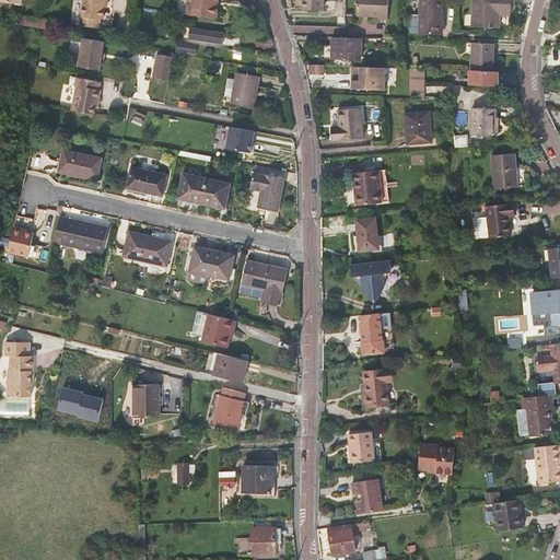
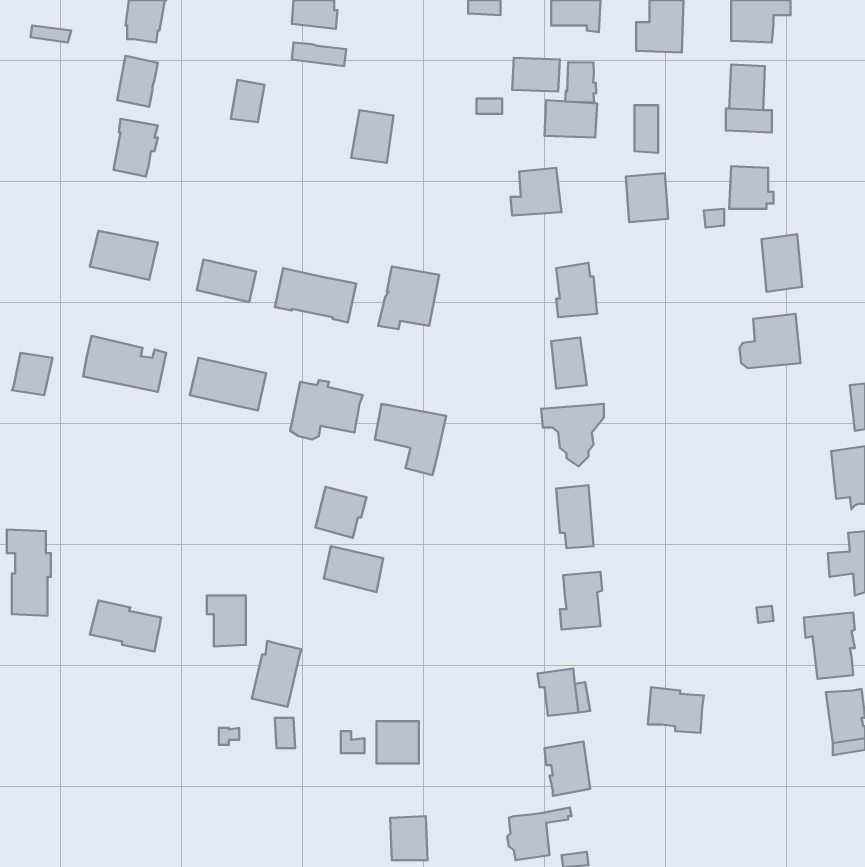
building: none -> [565,62,596,102]
building: [225,126,254,152] -> none
building: [213,386,245,429] -> [252,641,301,707]
building: [493,499,523,530] -> none

